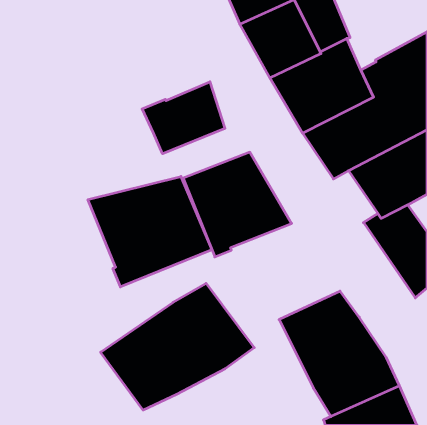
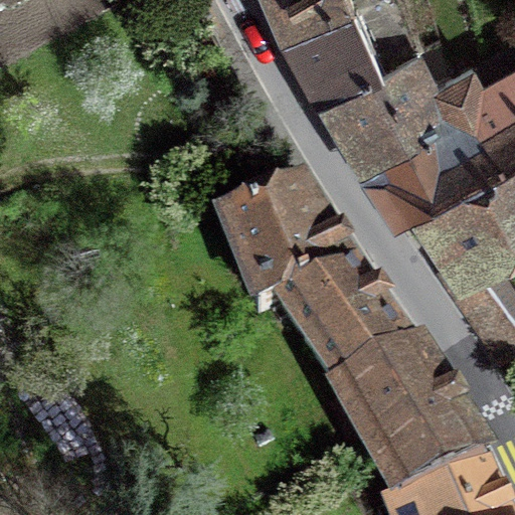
building: [142,82,225,154] -> none
building: [88,176,212,287] -> none
building: none -> [278,269,409,384]
building: [101,283,254,410] -> none

